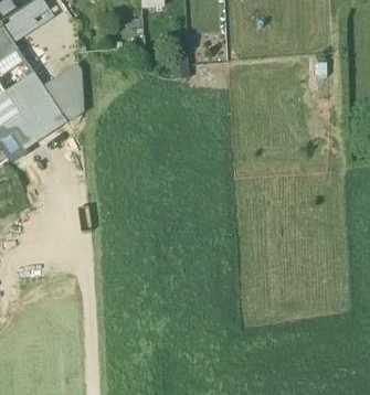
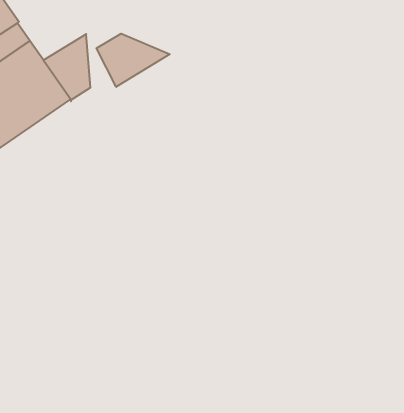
building: none -> [96,34,170,87]

